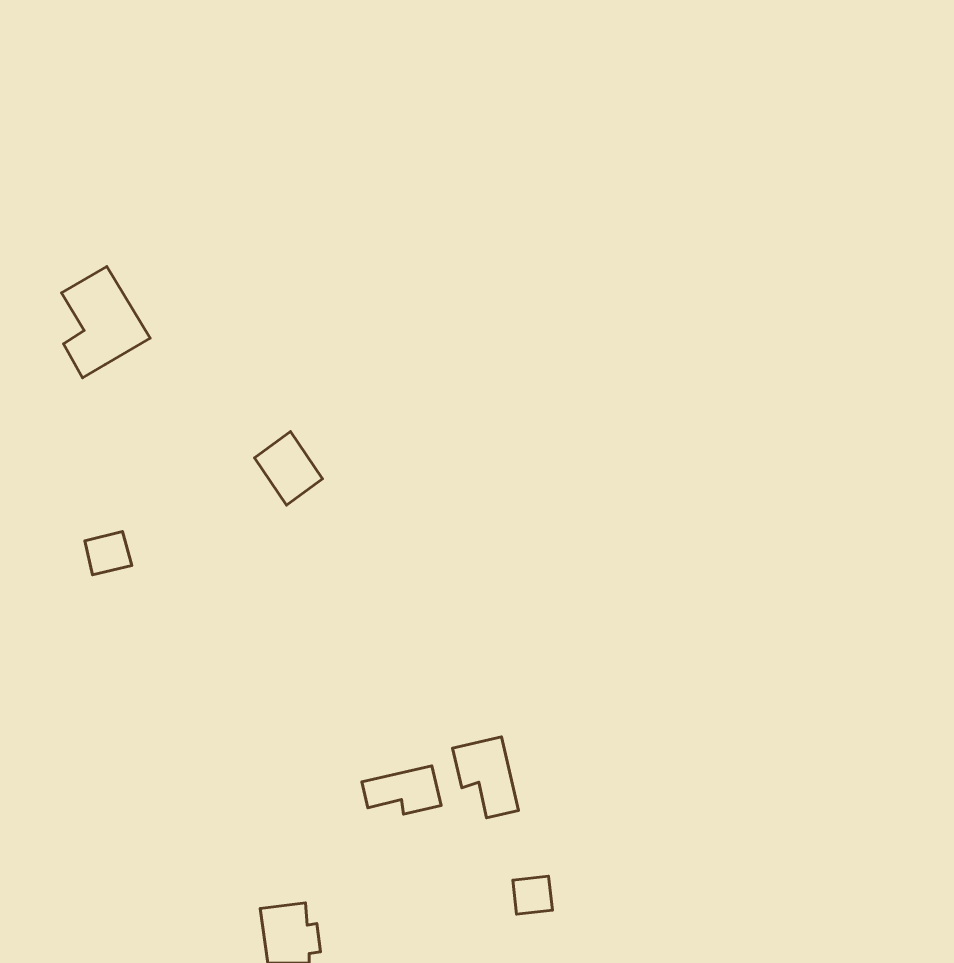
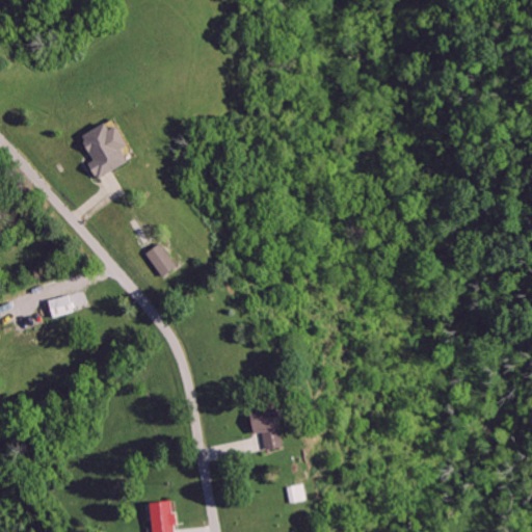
building: [62,267,150,378] -> [82,122,131,183]
building: [362,766,441,814] -> none

